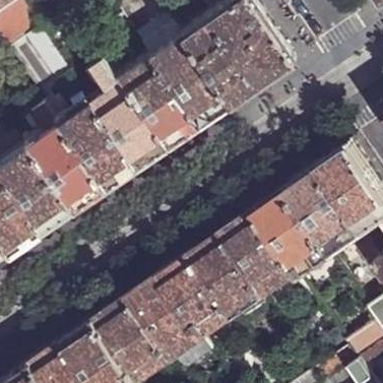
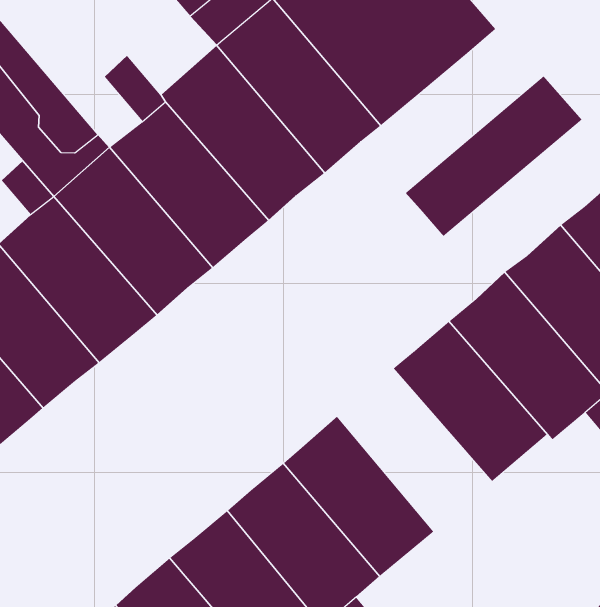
building: none -> [405,76,582,237]
building: [192,234,268,320] -> none

